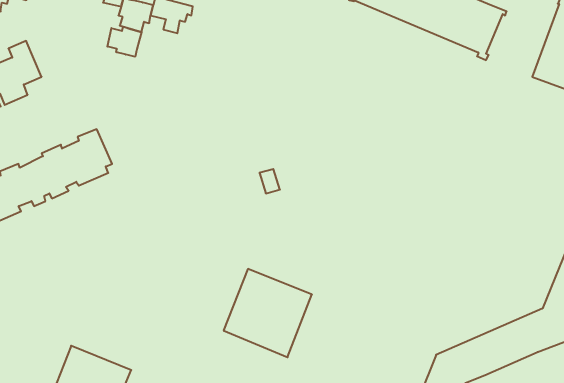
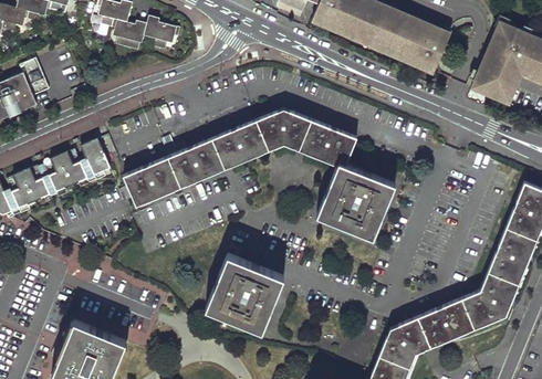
building: [107,27,142,57] -> none
building: none -> [123,109,394,239]

